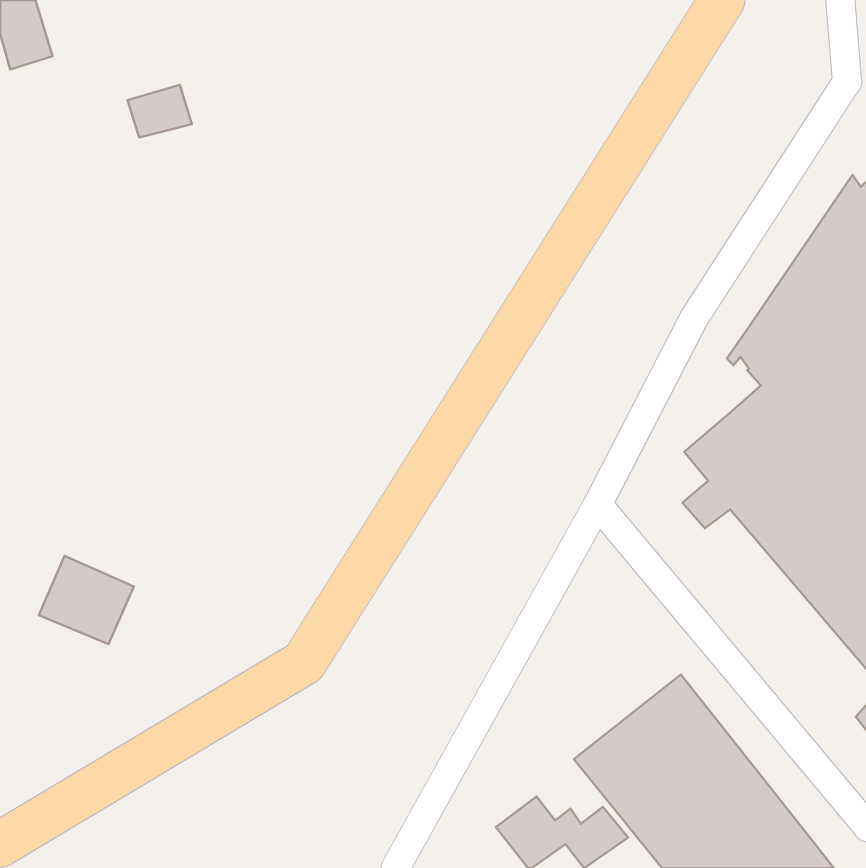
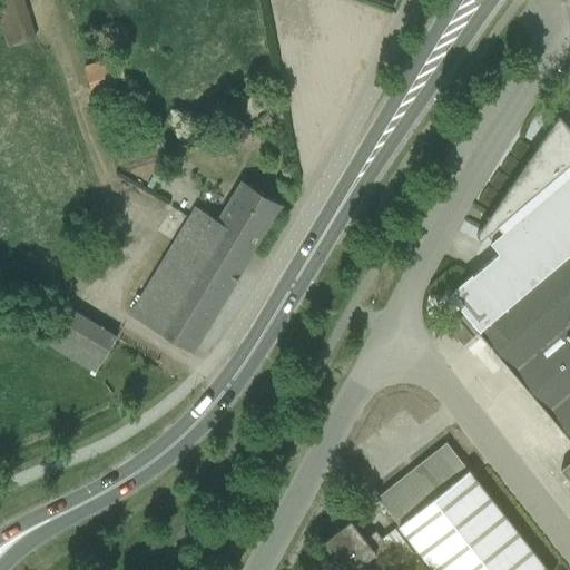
building: none -> [131,183,282,352]
building: [39,556,134,644] -> [51,309,114,367]

